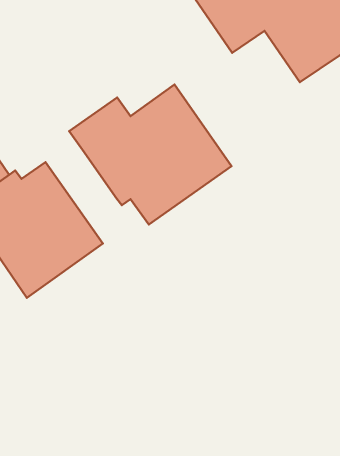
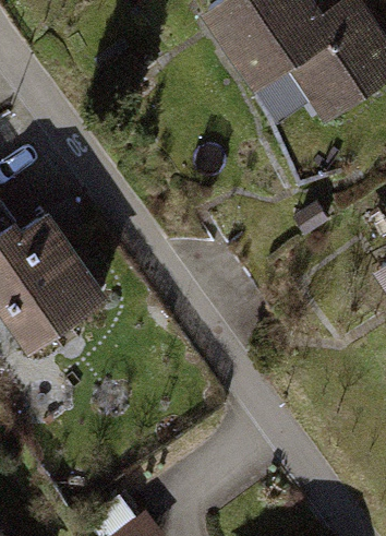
building: [69,85,232,225] -> none

